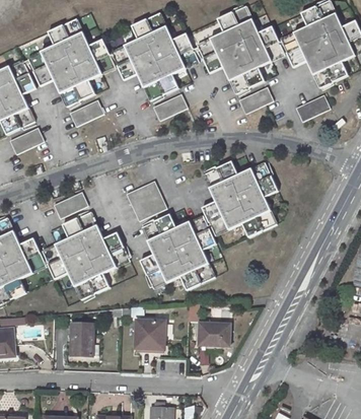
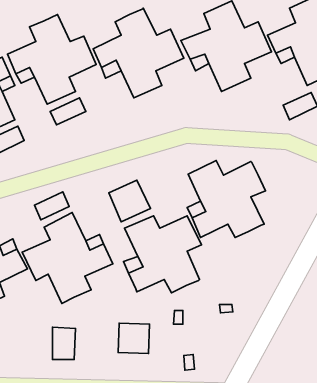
building: [238,86,273,115] -> none
building: [153,94,187,121] -> none
building: [199,323,230,346] -> none

